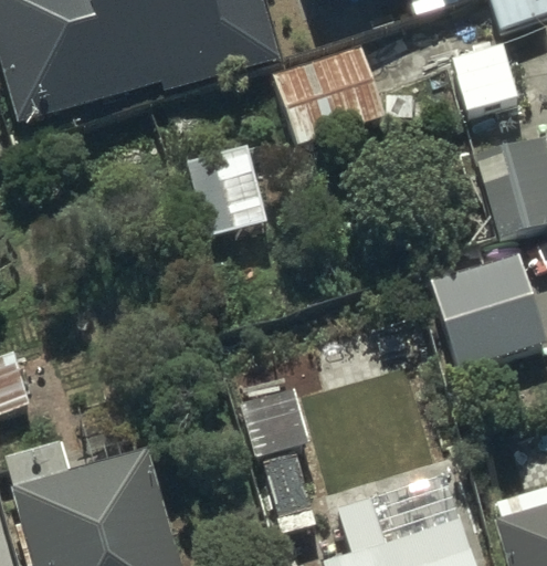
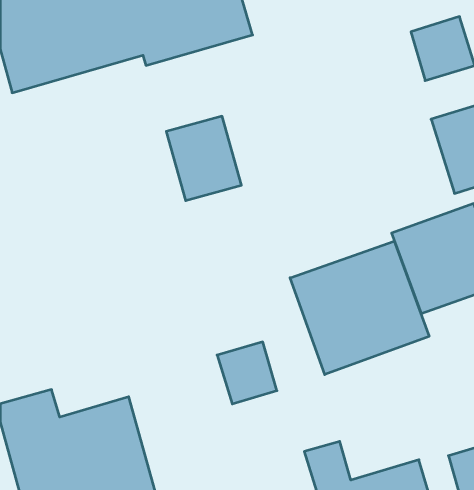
building: [275,48,383,148] -> none
building: none -> [290,241,429,375]

